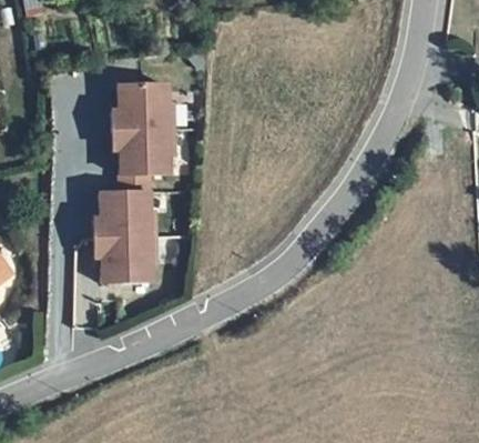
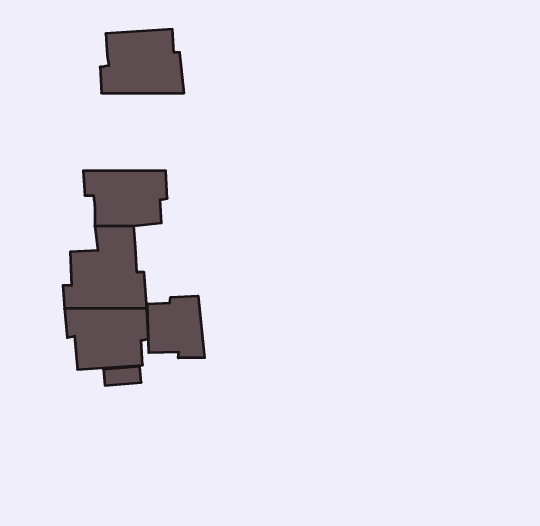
building: [108,82,172,131] -> [100,29,184,93]
building: none -> [148,296,205,358]

